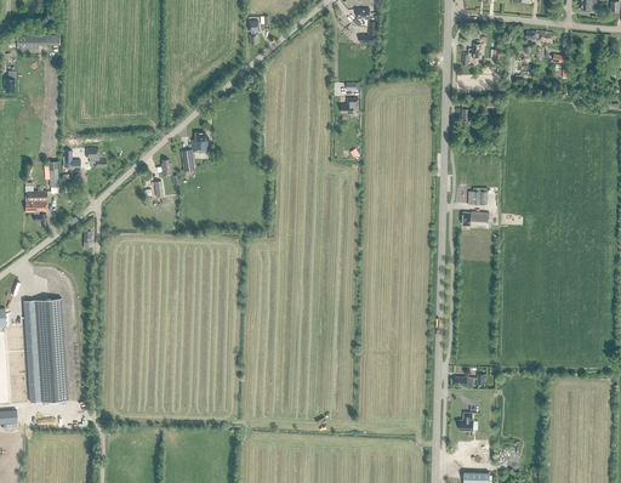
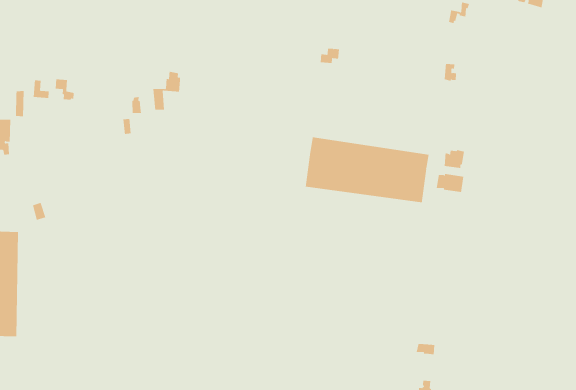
building: none -> [305,136,429,203]

